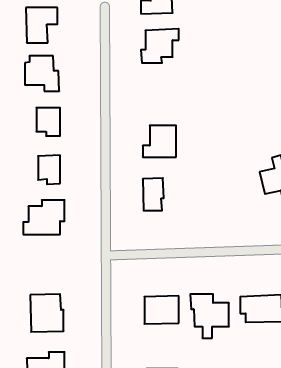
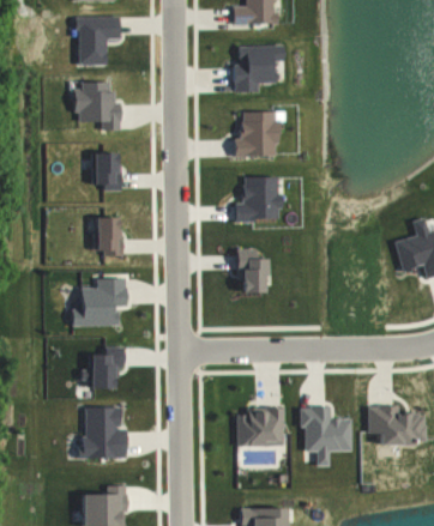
building: none -> [239,110,285,156]
building: none -> [86,345,125,388]

